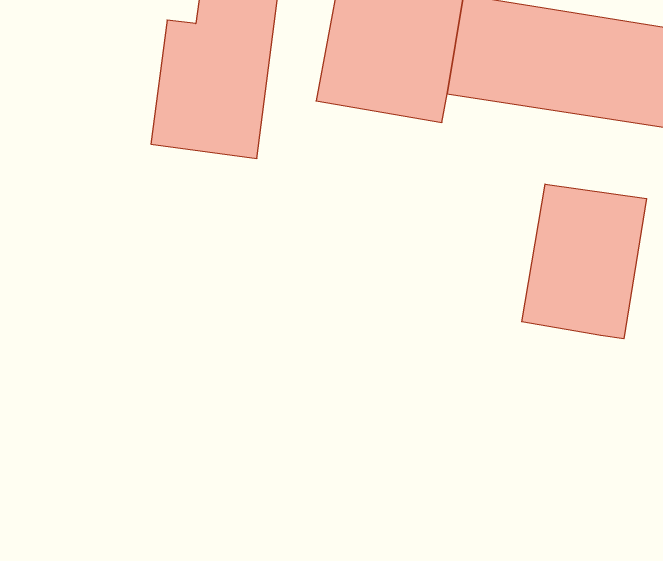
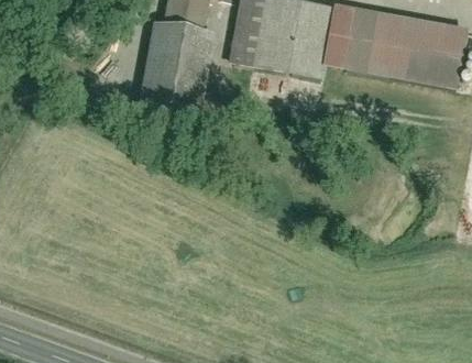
building: [522,184,647,339] -> none

